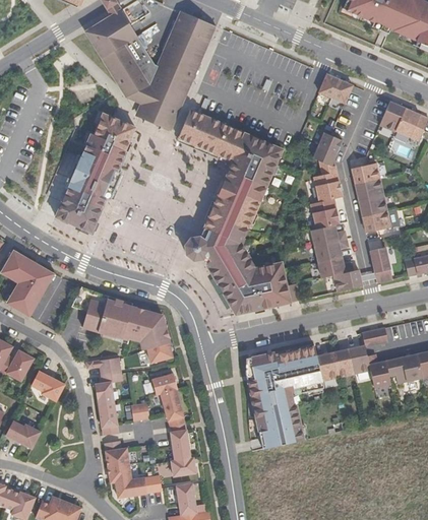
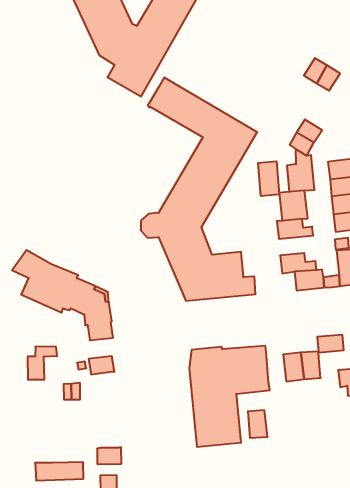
building: [56,115,135,233] -> none
building: none -> [258,161,279,196]
building: [315,240,349,262] -> none
building: [317,353,339,381] -> [248,410,268,438]
building: [367,355,390,388] -> none
building: [86,358,121,375] -> none
building: [161,389,185,428] -> none
building: [99,404,119,435] -> none
building: [171,431,190,461] -> none
building: [105,442,131,483] -> none

